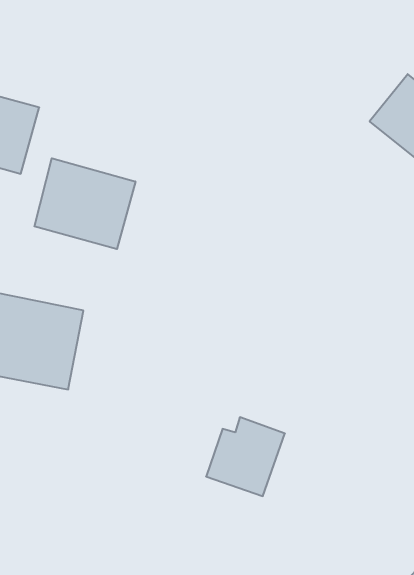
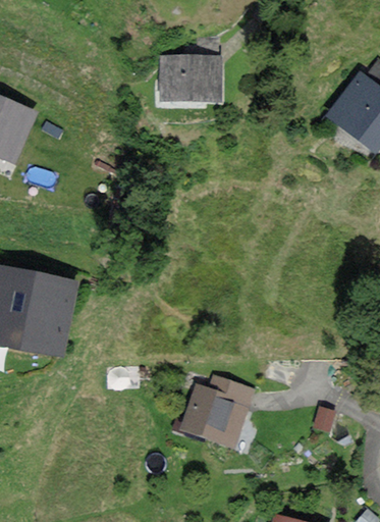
building: none -> [162,57,220,100]
building: [34,158,135,249] -> none

